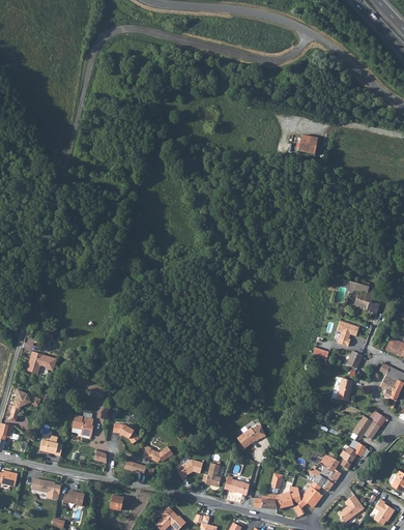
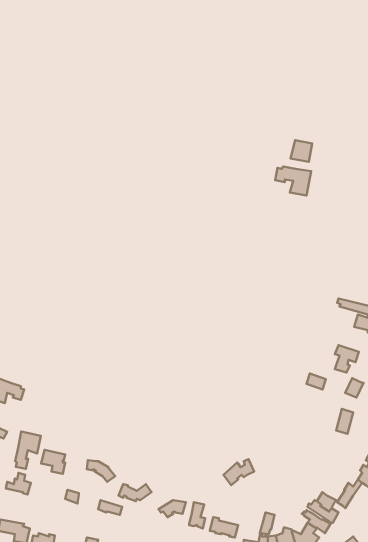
building: none -> [275,166,311,196]
building: none -> [15,431,41,469]

